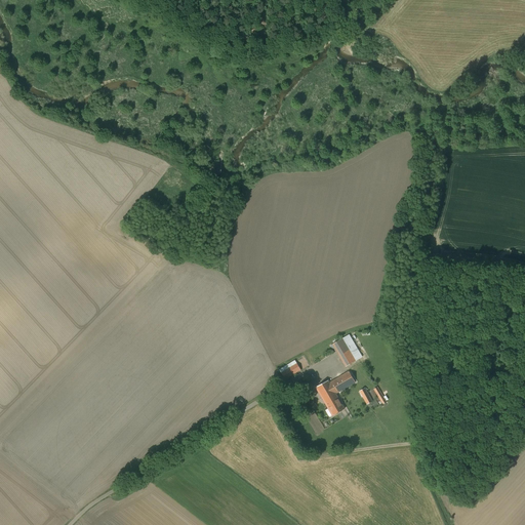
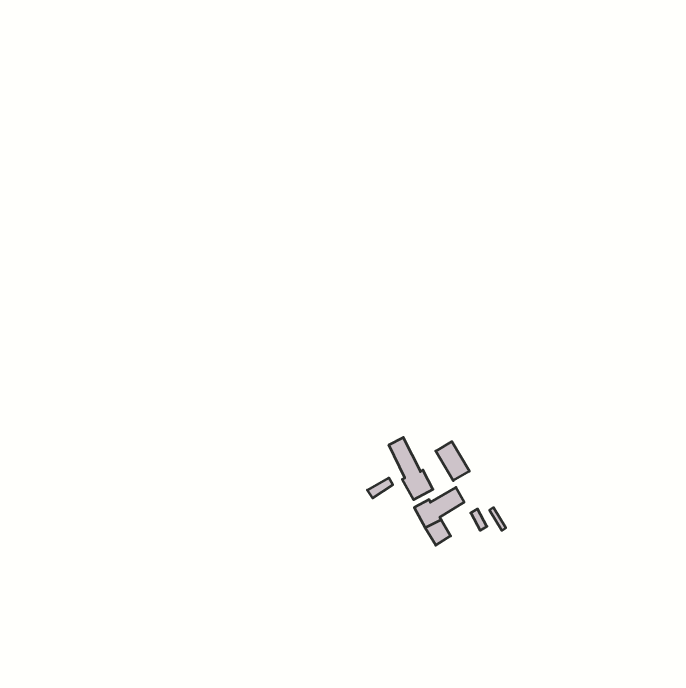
building: none -> [389,437,433,500]

